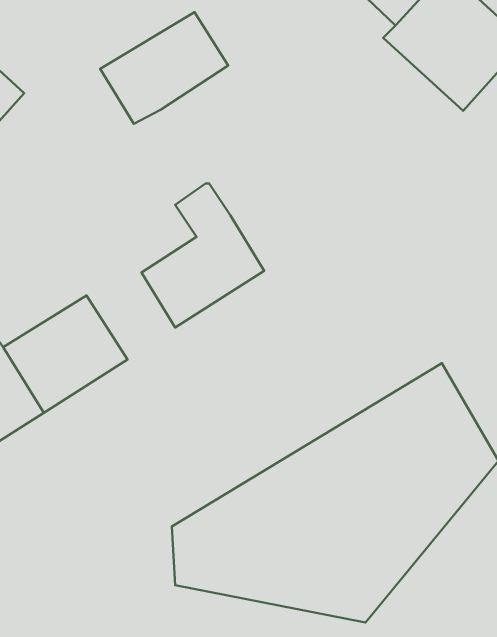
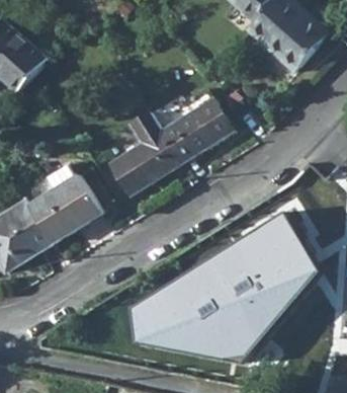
building: [100,12,228,124] -> [161,98,234,162]

